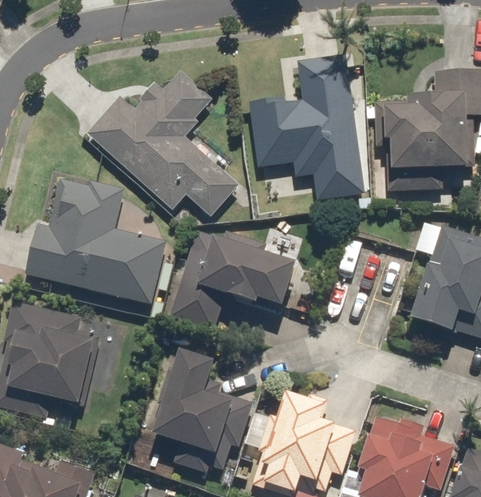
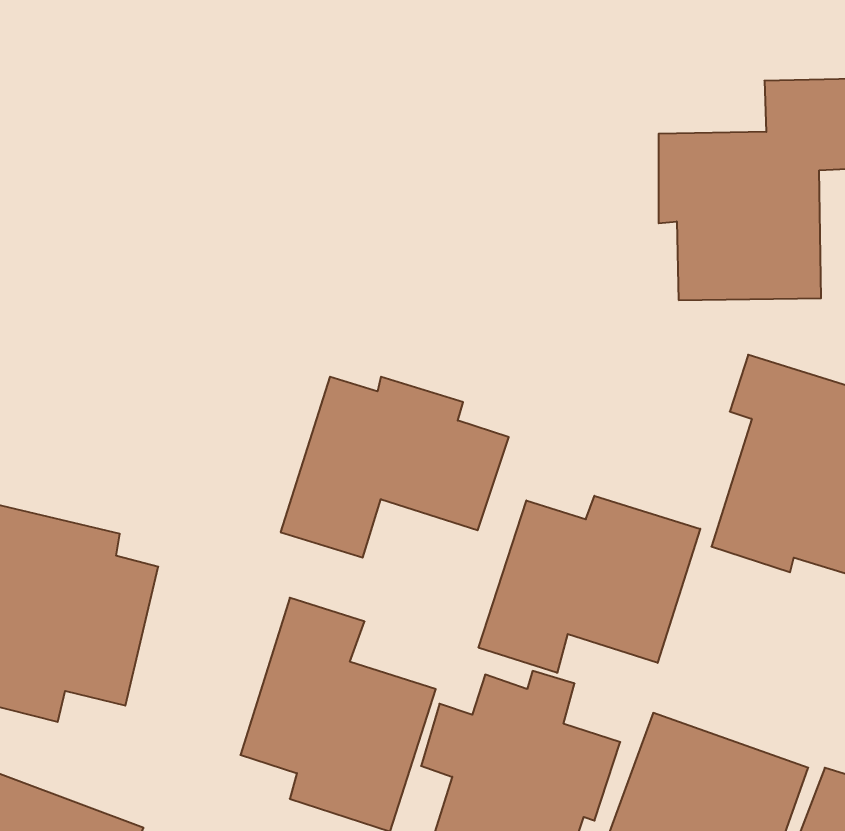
building: [250,52,367,200] -> none
building: [86,70,240,217] -> none
building: [24,179,167,306] -> none
building: none -> [479,496,700,673]

